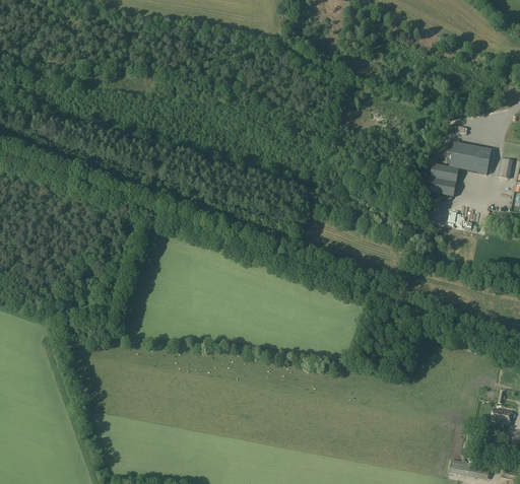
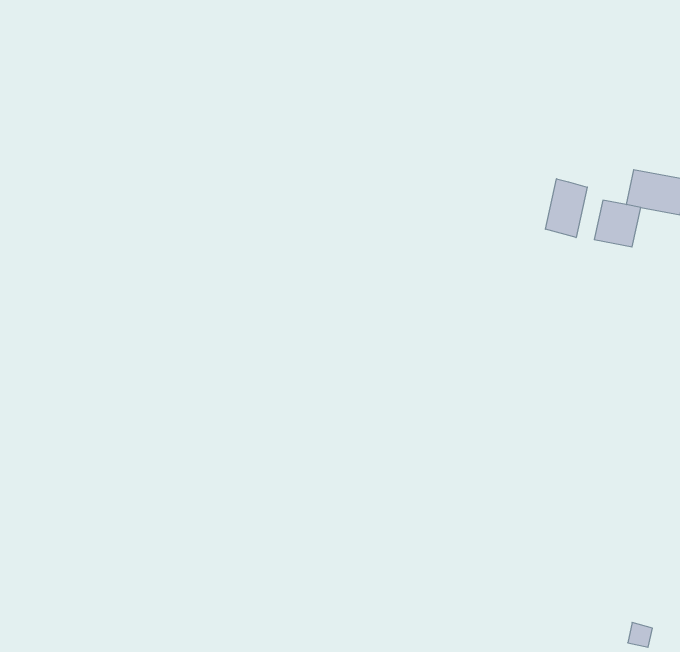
building: none -> [545,179,587,238]

